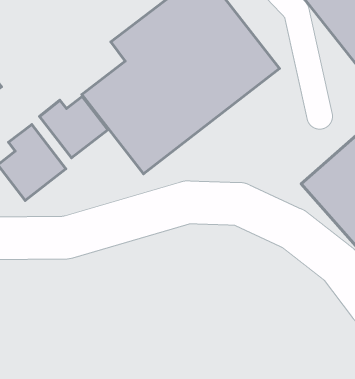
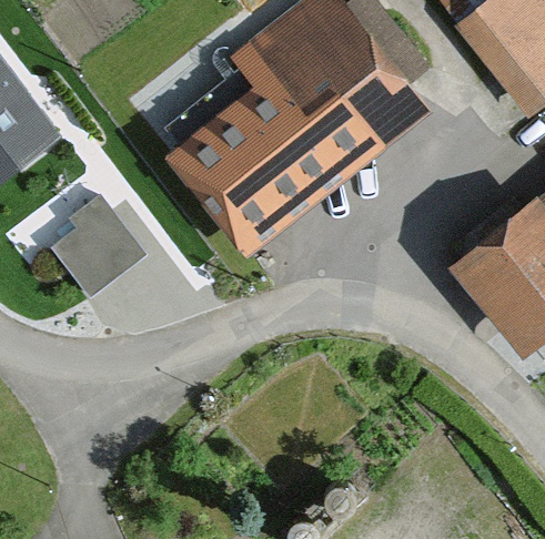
building: [40,96,108,158] -> none

